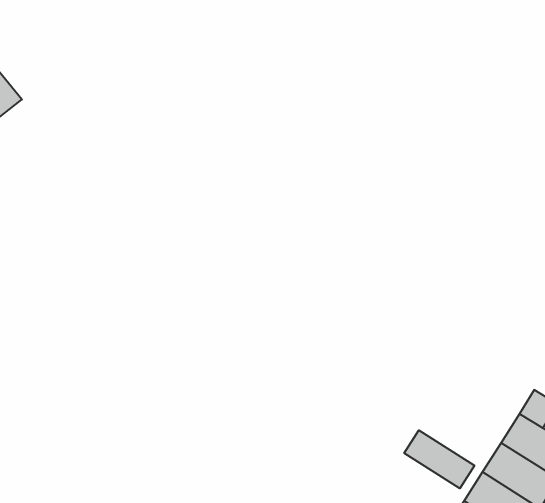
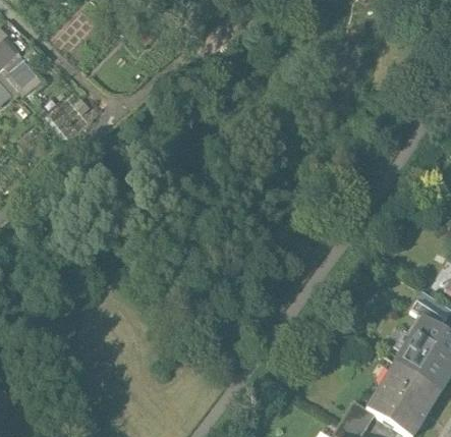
building: [404,430,474,488] -> none

